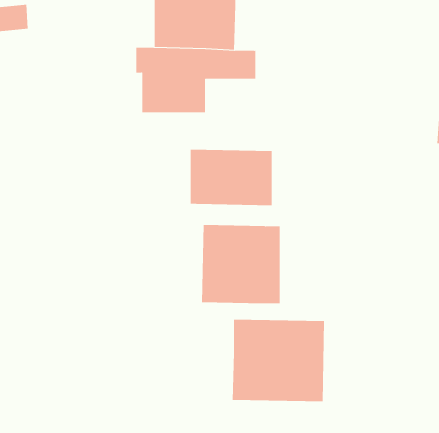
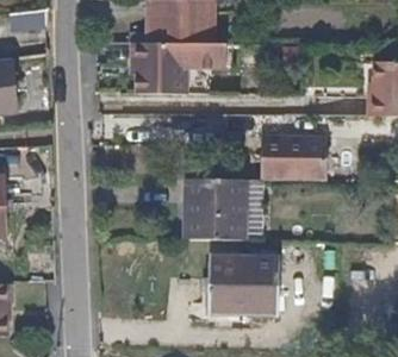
building: [190,149,272,206] -> [262,138,327,182]

